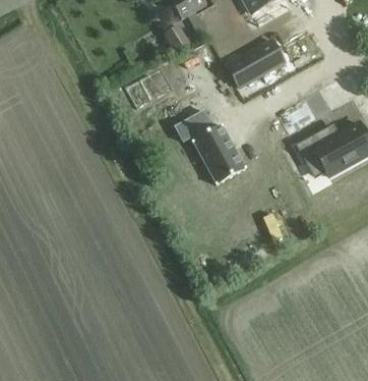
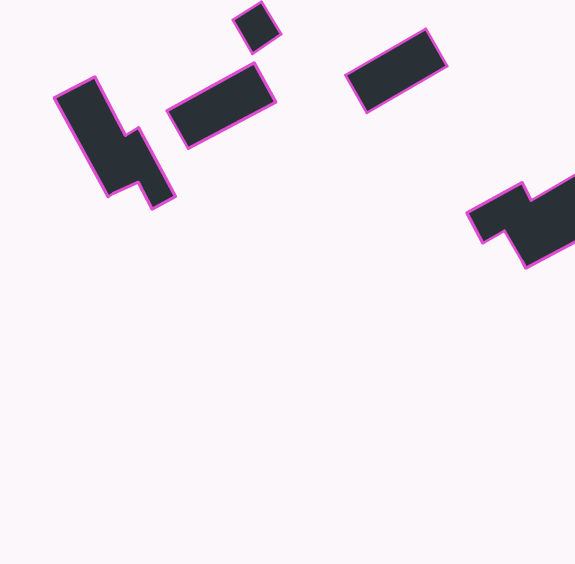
building: none -> [54,77,175,209]
building: [175,110,246,183] -> none

